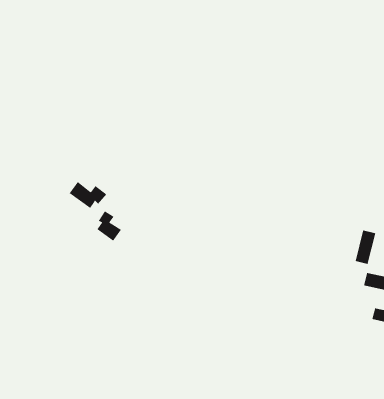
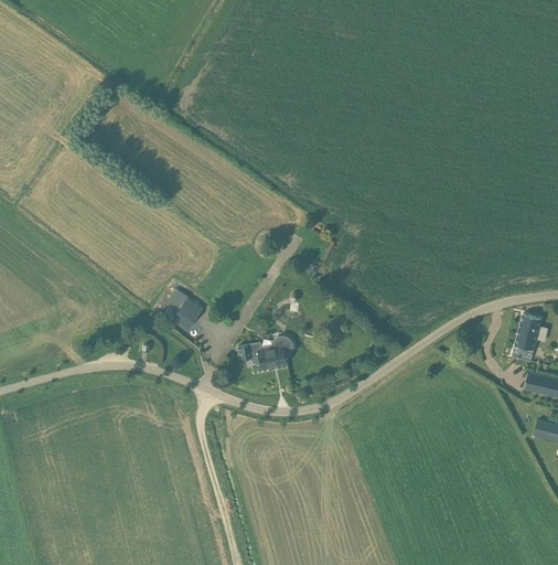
building: [69,181,107,209] -> none
building: none -> [239,337,294,369]

